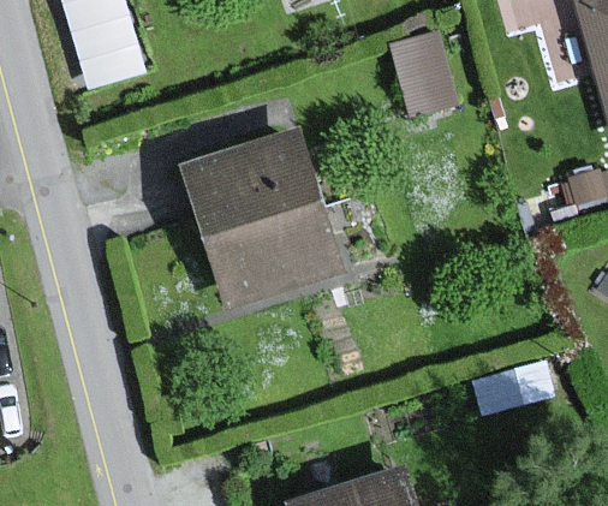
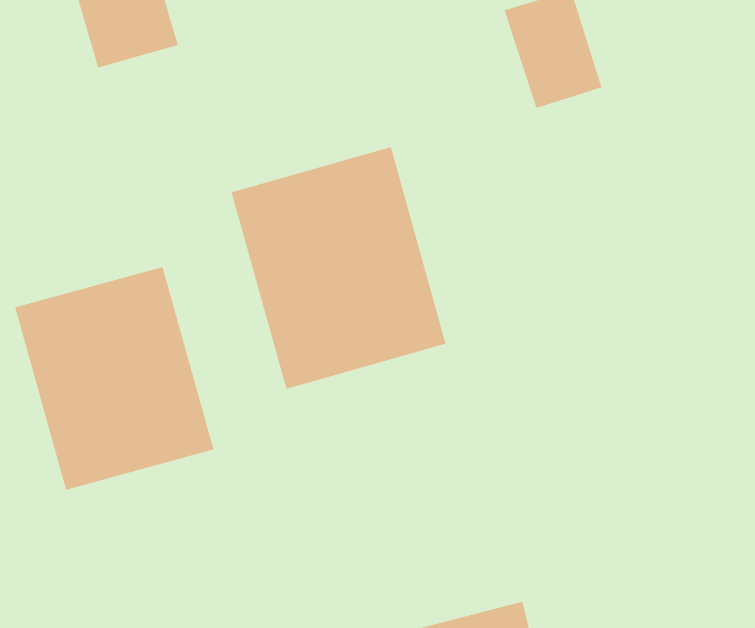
building: none -> [14,266,214,491]

